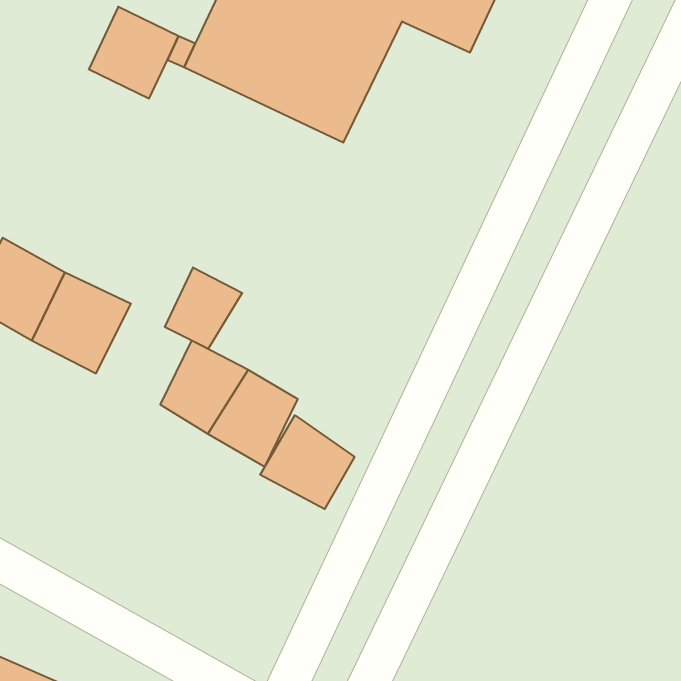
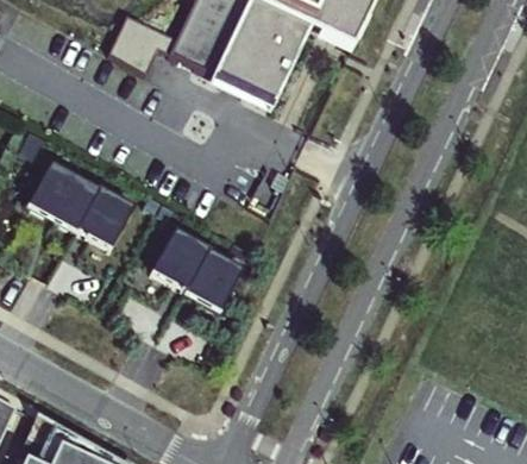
building: [165,267,242,349] -> none
building: [260,415,354,509] -> none

